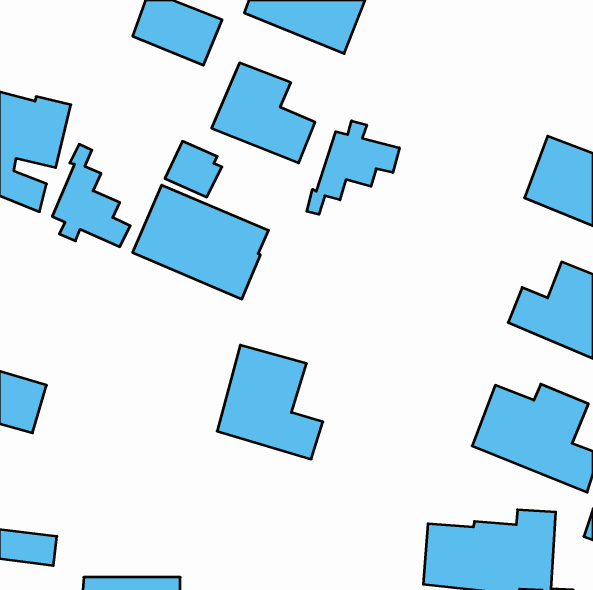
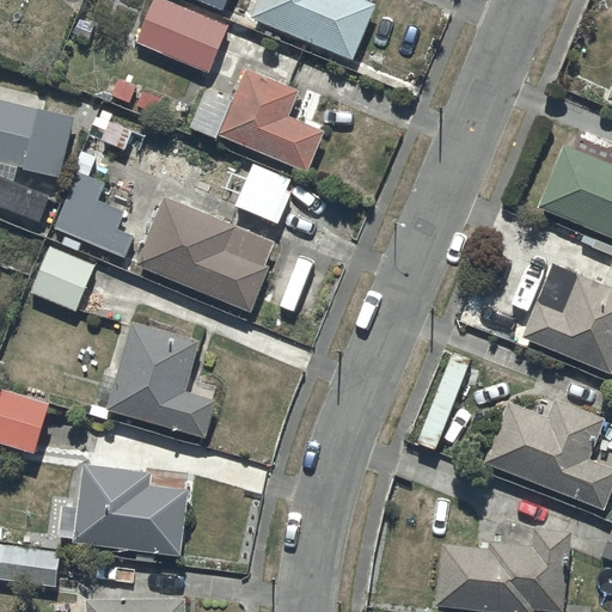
building: [307,121,399,214] -> none
building: [165,141,222,197] -> [234,165,293,222]
building: none -> [31,246,96,311]
building: [217,345,323,459] -> [108,320,216,437]
building: none -> [59,463,188,555]

